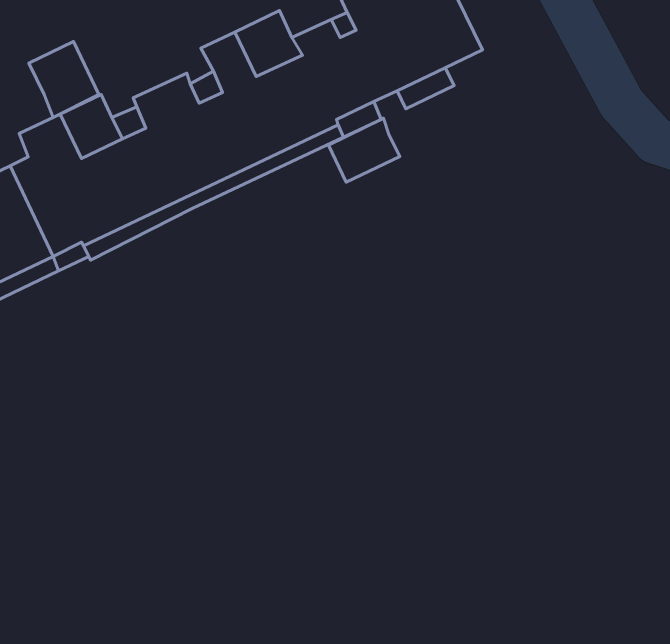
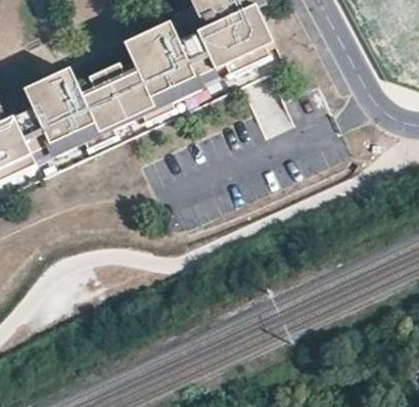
building: [29,42,99,117] -> none
building: [328,118,400,182] -> none

